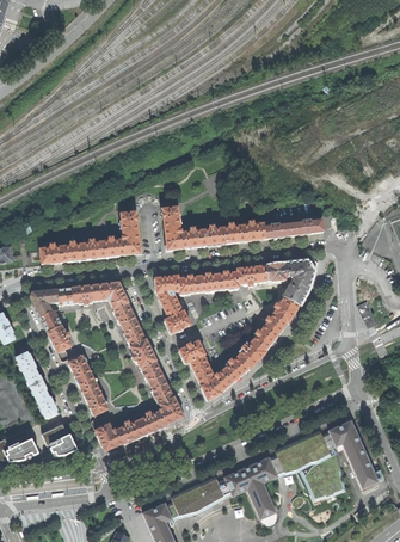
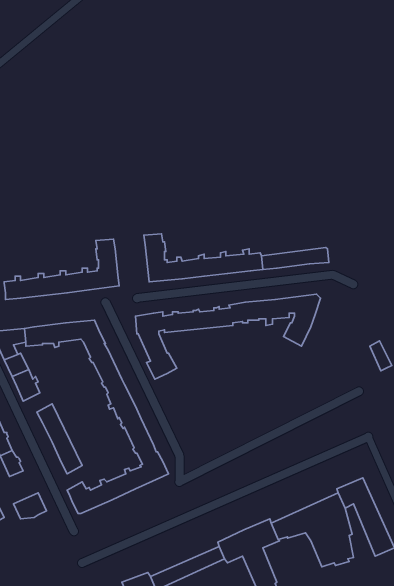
building: [178,296,299,400] -> none

